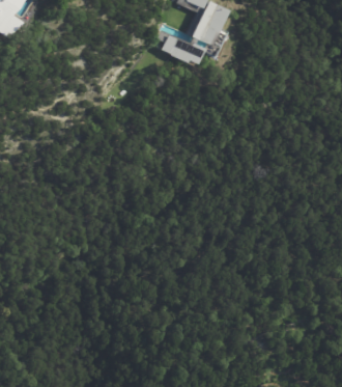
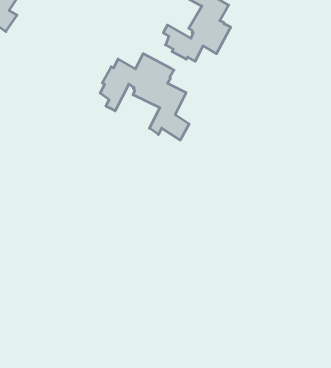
building: none -> [100,54,189,140]

